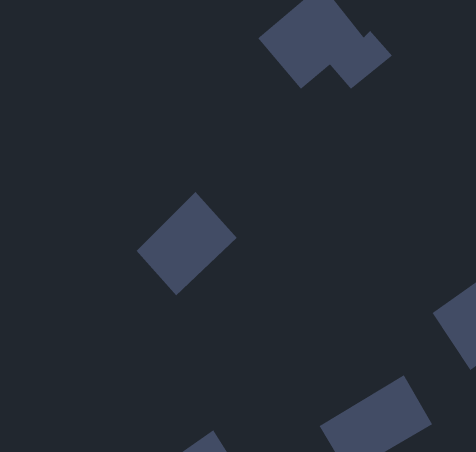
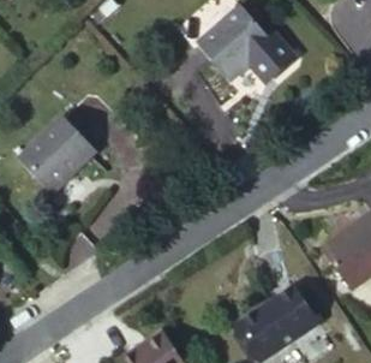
building: [136,191,238,296] -> [18,114,94,192]

